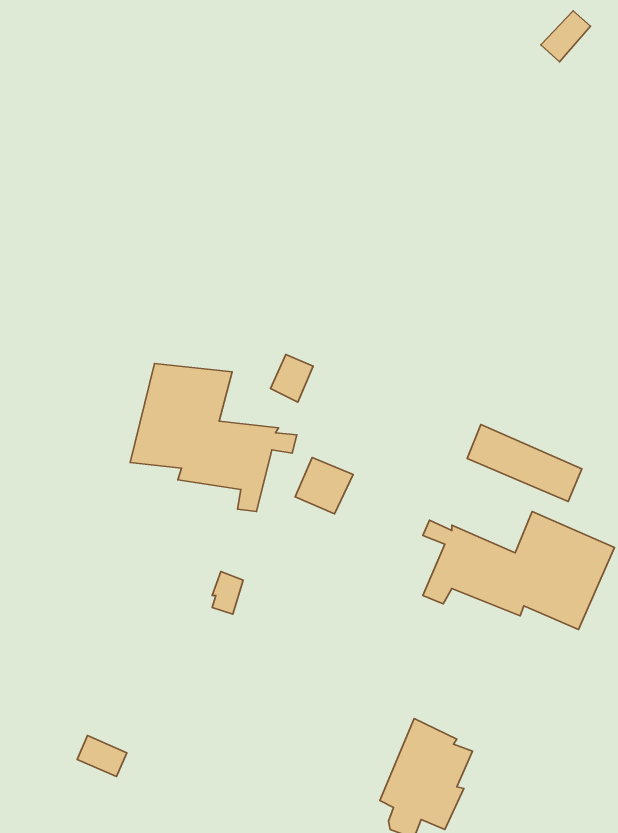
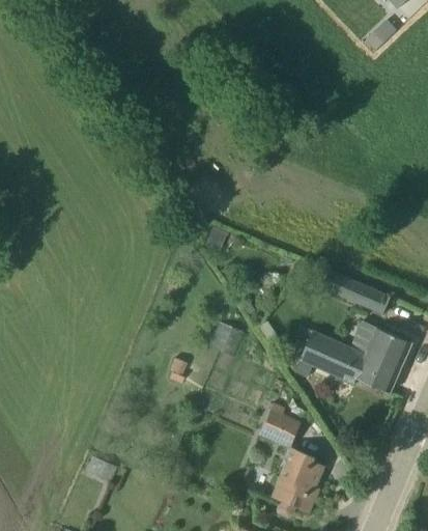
building: [130,363,297,512] -> none
building: [295,458,353,514] -> [208,322,244,356]
building: none -> [258,403,301,446]

